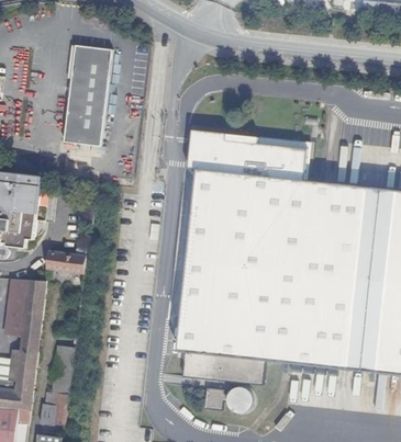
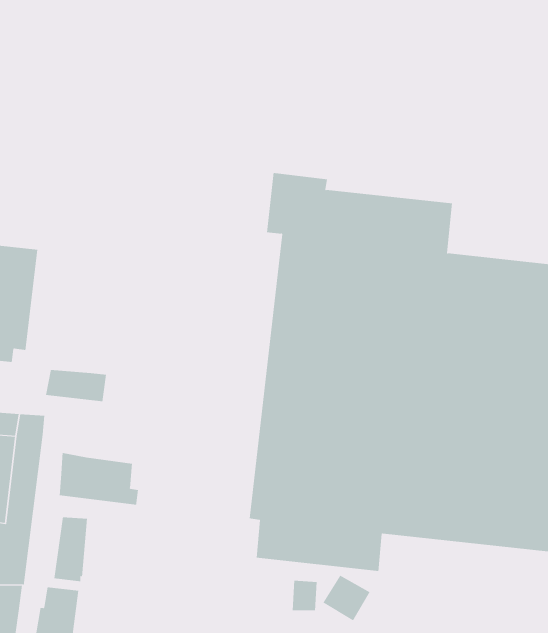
building: [62,44,111,145] -> none
building: none -> [59,452,138,506]

